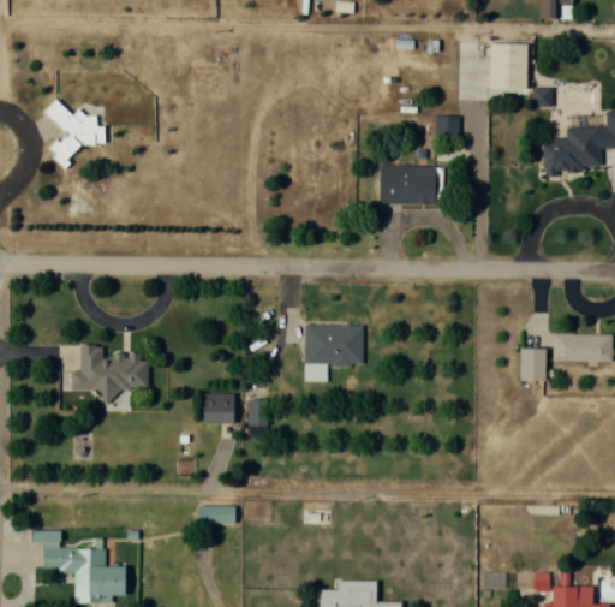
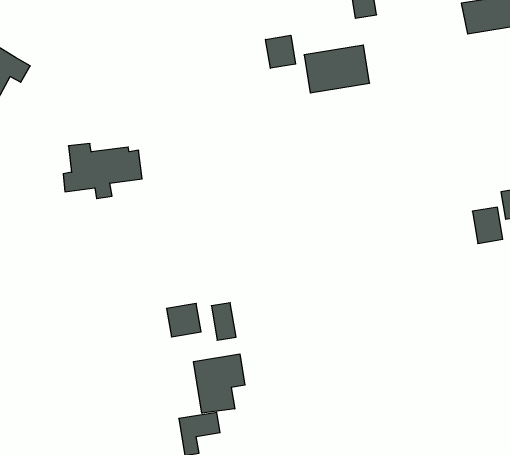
building: none -> [266,35,296,68]
building: [304,325,363,364] -> none
building: [70,344,149,400] -> [63,144,142,199]
building: none -> [193,354,245,413]

